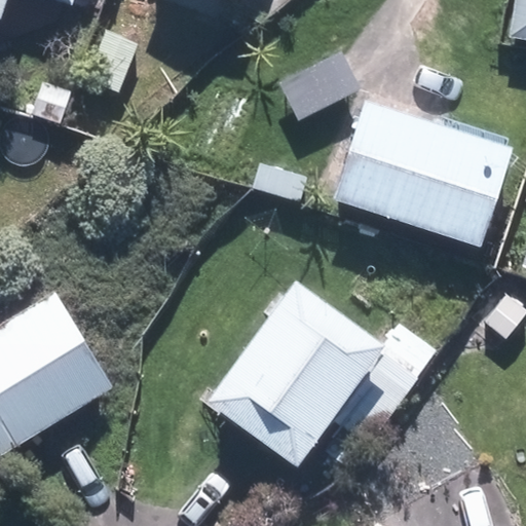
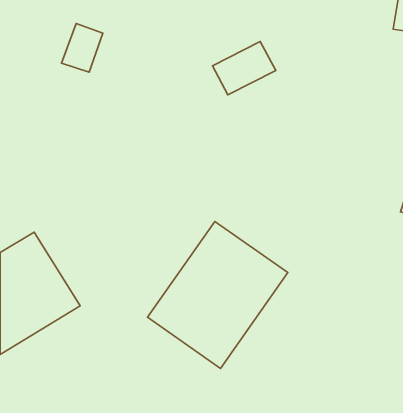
building: [332,100,513,247] -> none

